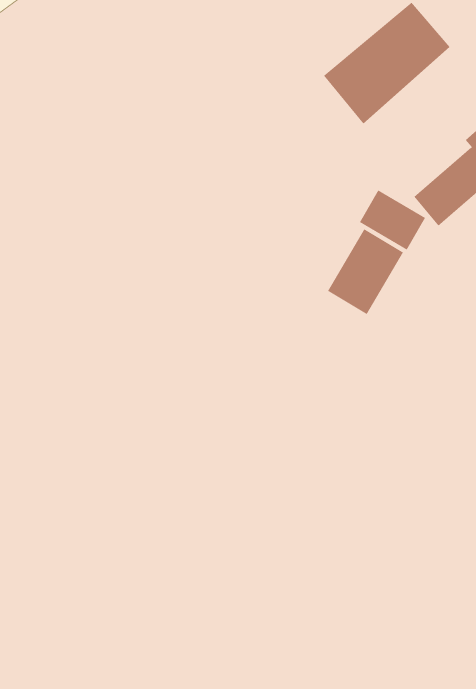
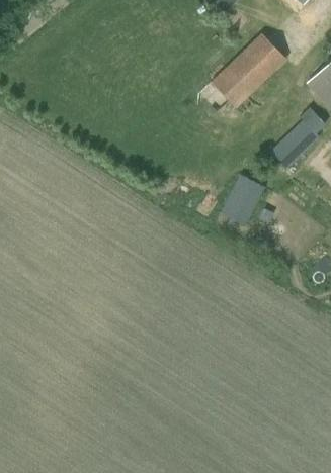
building: [359,189,426,250] -> none

